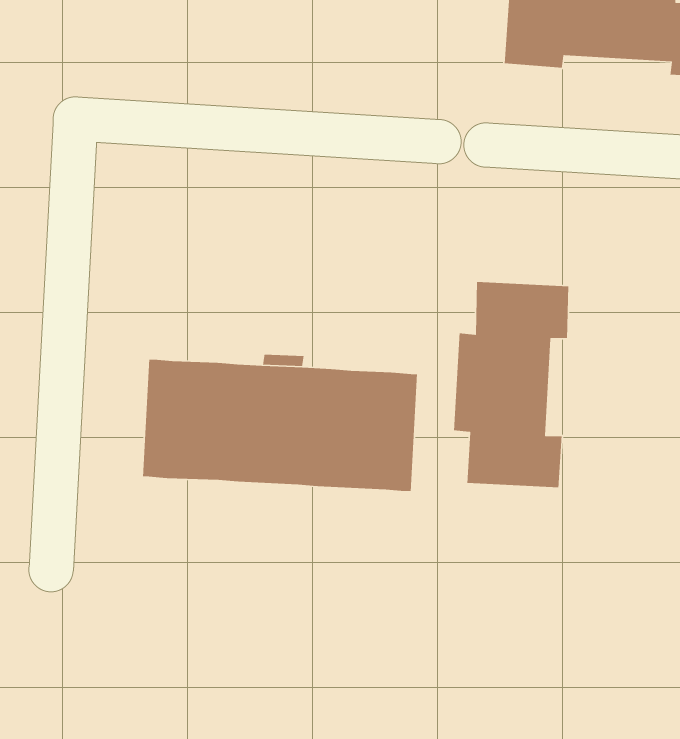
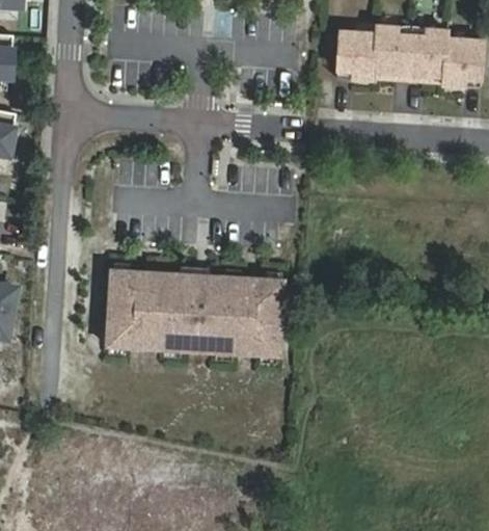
building: [453,281,569,488] -> none

